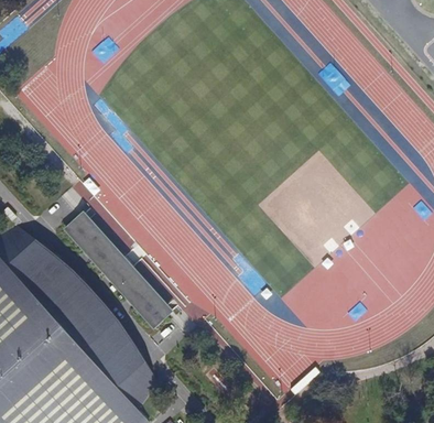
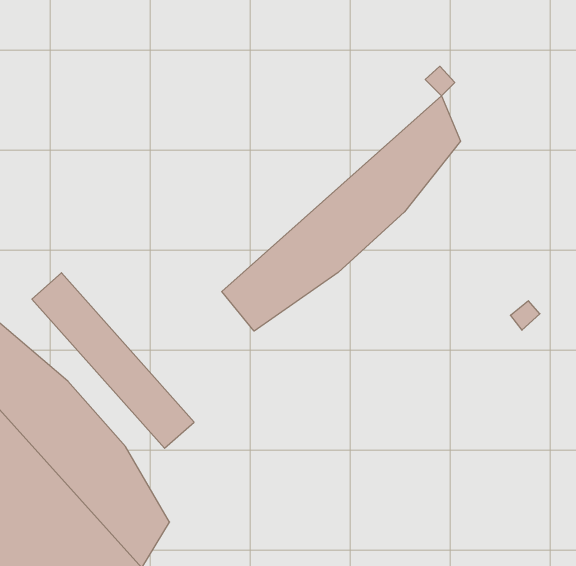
building: none -> [222,96,460,331]

